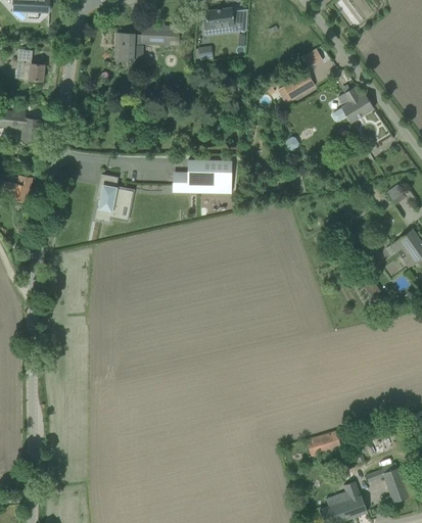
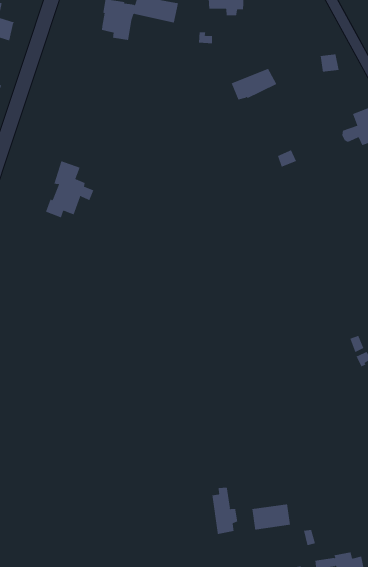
building: [277,73,316,103] -> [231,68,277,100]
building: [187,159,232,194] -> none
building: none -> [212,487,238,535]

